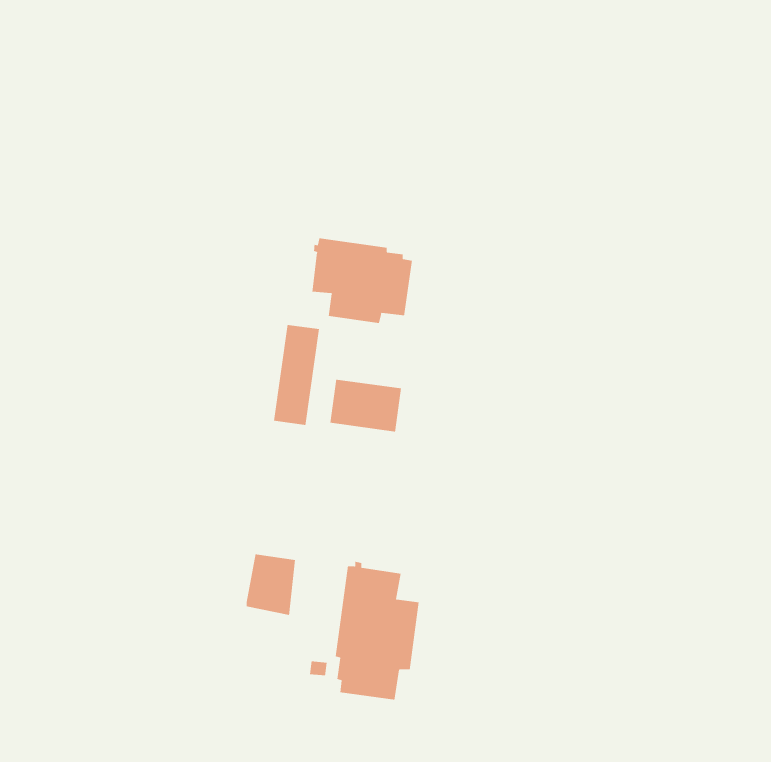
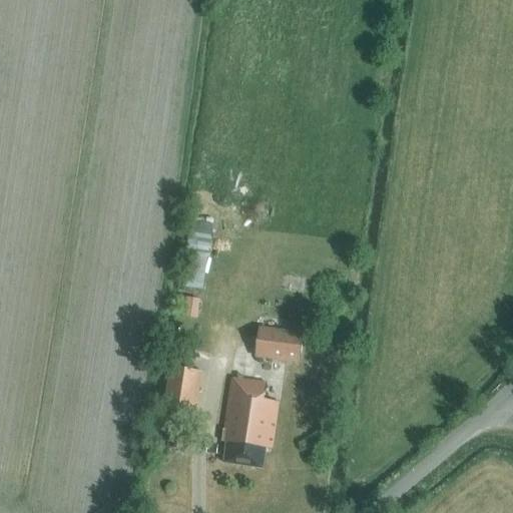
building: [312,237,412,324] -> none
building: [329,379,402,432] -> [255,326,304,361]

